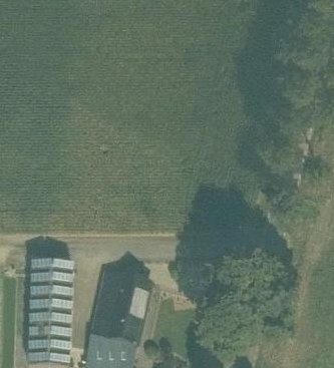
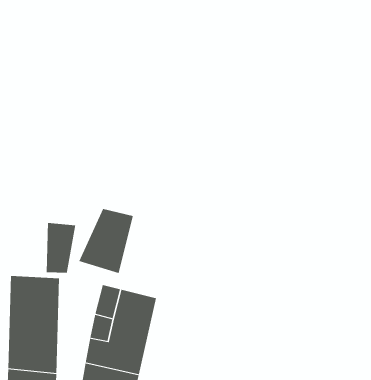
building: none -> [78,208,133,274]
building: none -> [46,222,76,274]

